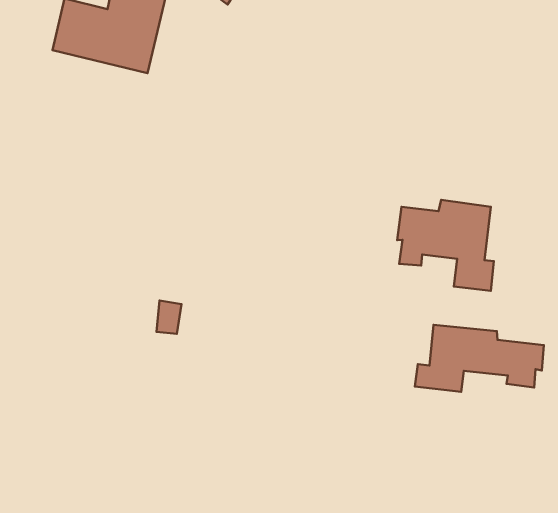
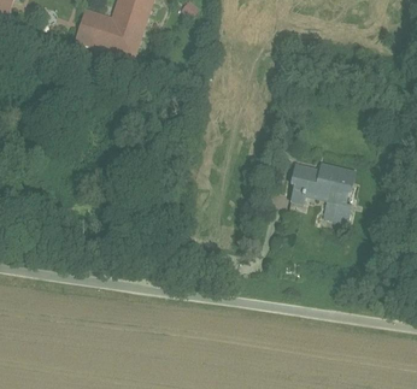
building: [415,325,544,392] -> none

